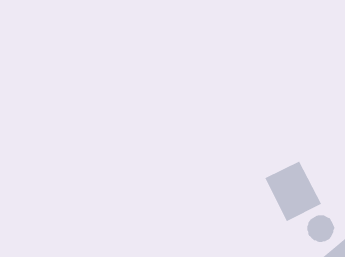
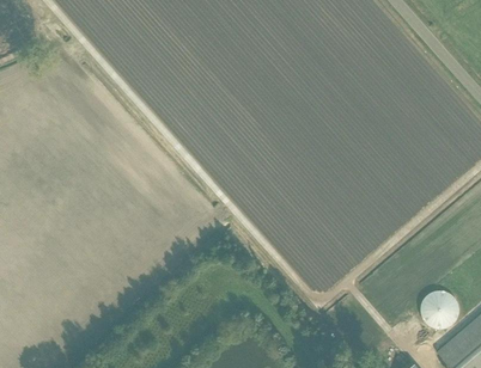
building: [264,160,322,222] -> none

